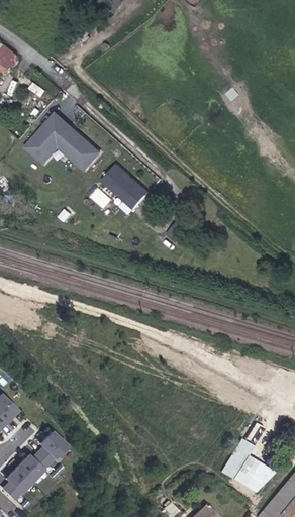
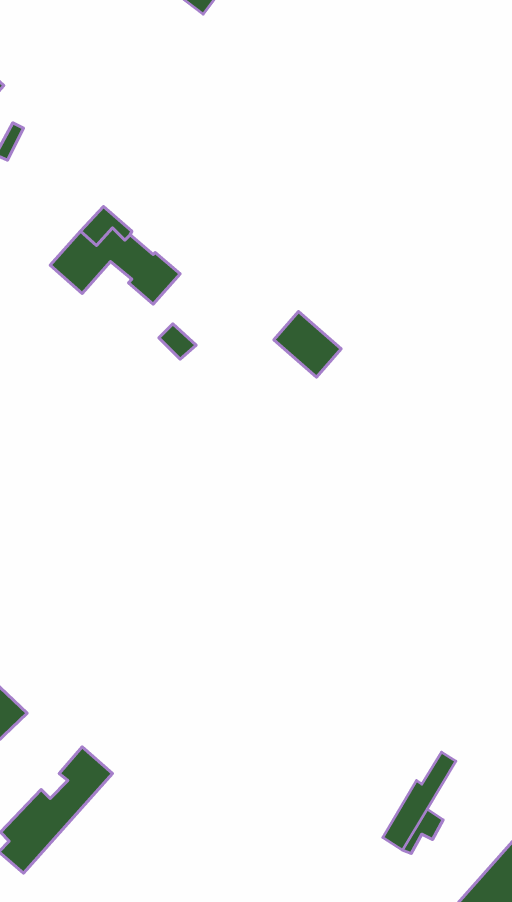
building: [106,168,144,205] -> [274,311,341,377]
building: [235,467,265,495] -> none

